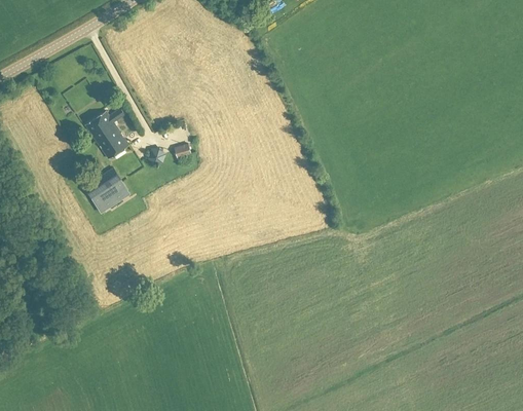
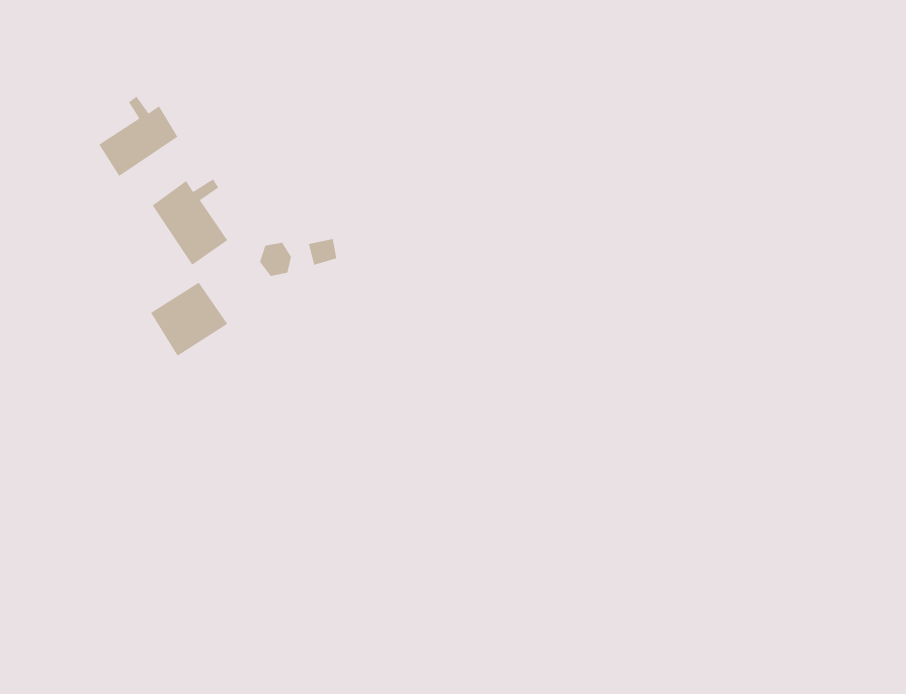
building: none -> [99,96,178,177]

